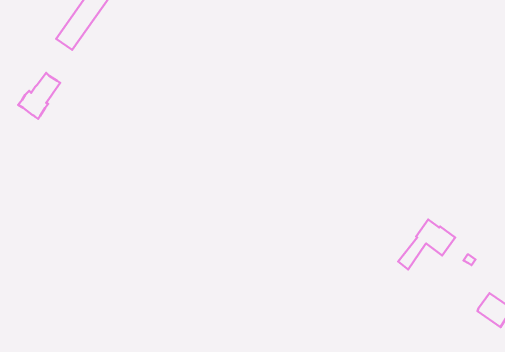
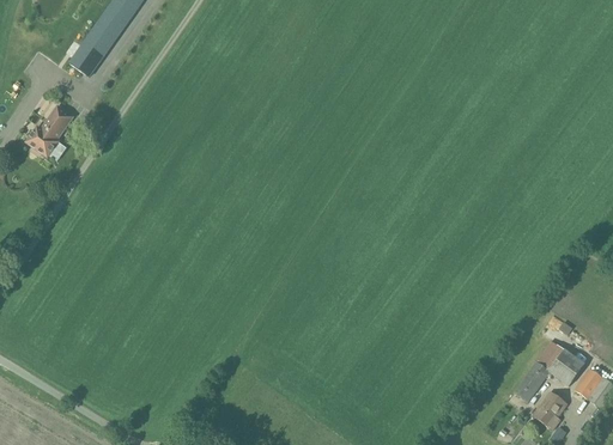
building: [398,220,455,269] -> [515,340,583,400]
building: none -> [532,389,568,428]

